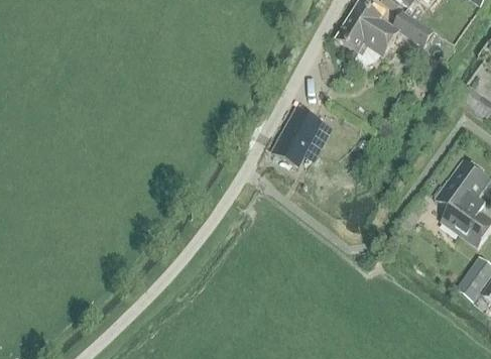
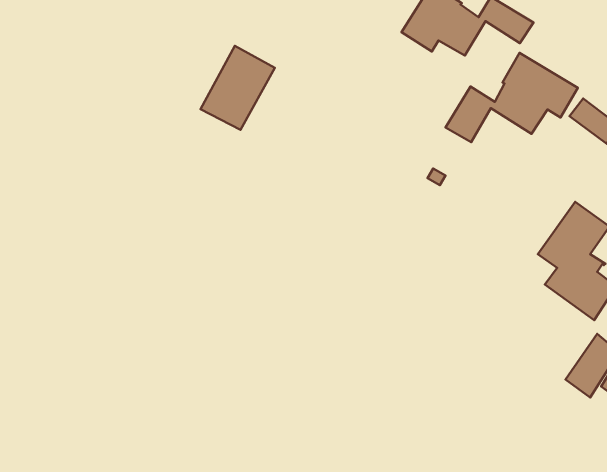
building: none -> [445,53,578,142]
building: [271,106,326,167] -> [200,46,275,130]

